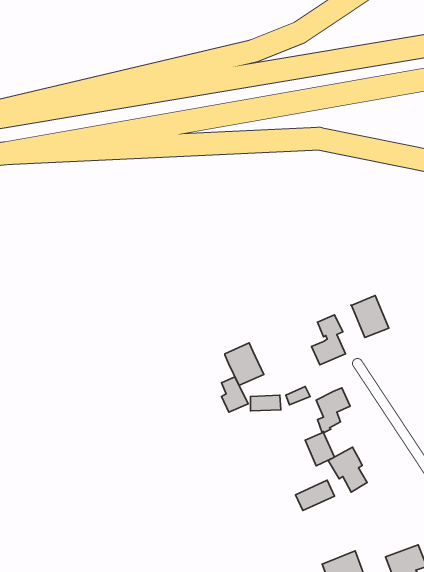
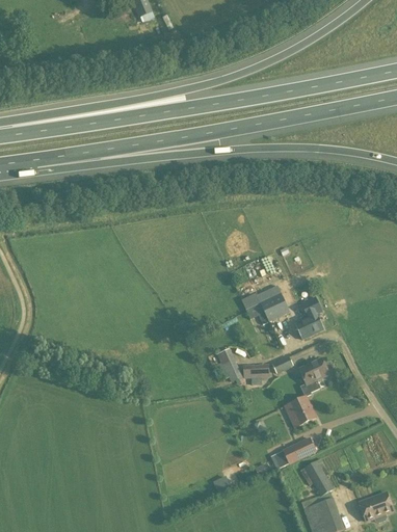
building: [351,295,389,338] -> none
building: [225,343,264,385] -> [256,286,289,322]
building: [328,447,367,492] -> [299,458,333,497]

